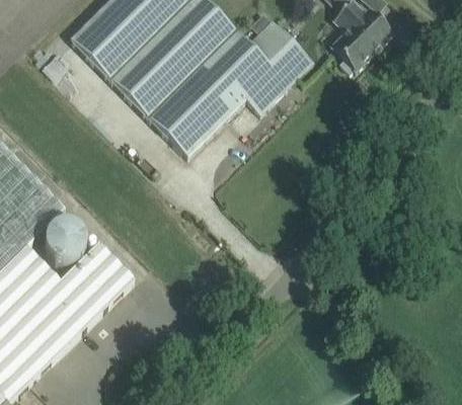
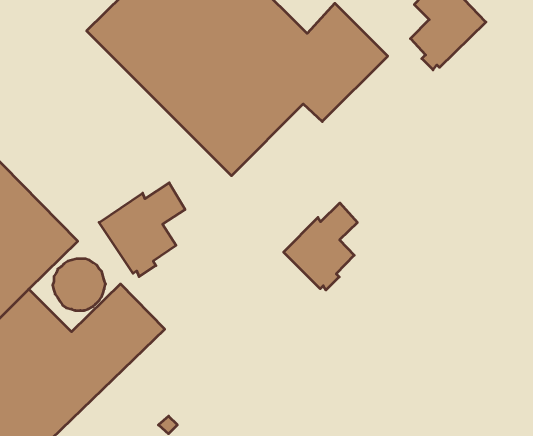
building: none -> [99,183,185,277]
building: none -> [284,203,357,290]

